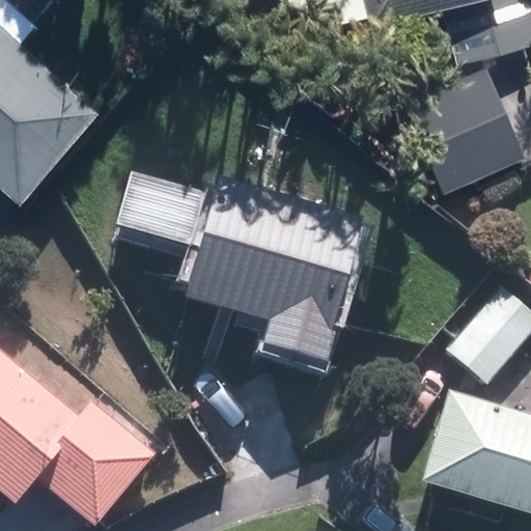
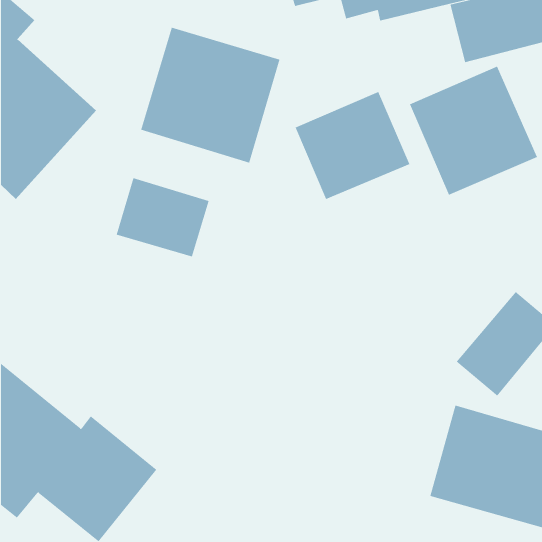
building: none -> [141,27,280,164]
building: none -> [295,91,410,200]
building: [181,177,363,366] -> none

